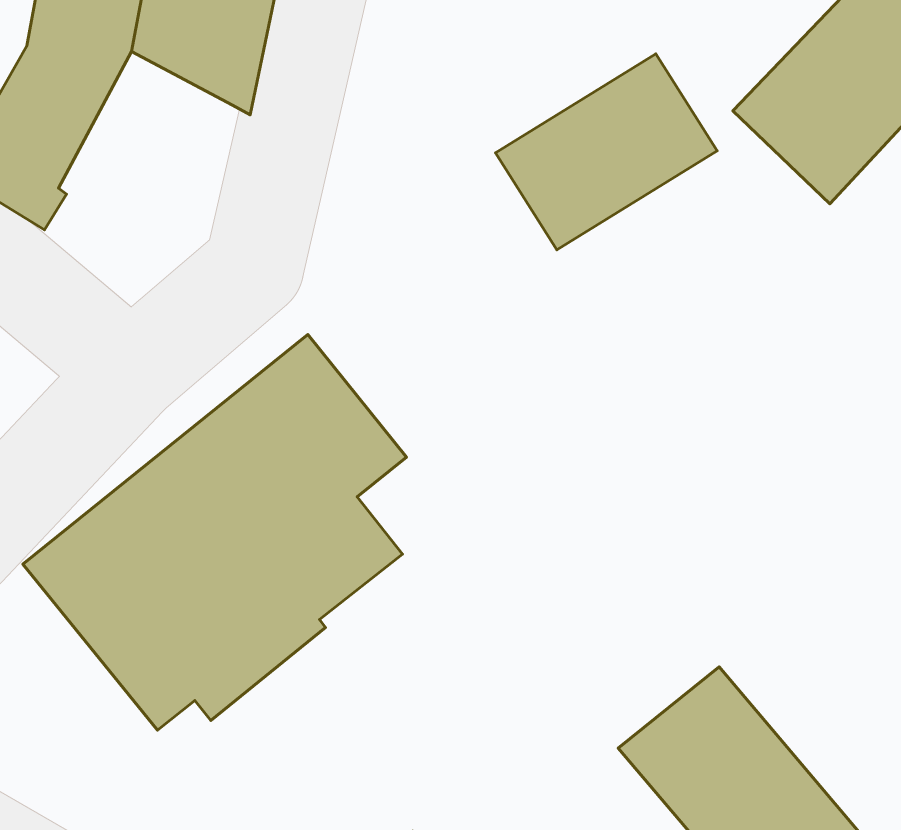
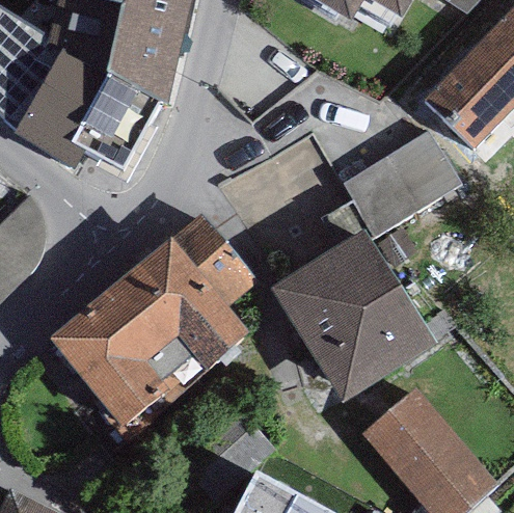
building: none -> [70,66,161,167]
building: [496,54,717,250] -> [344,133,460,236]
building: none -> [270,230,435,400]

